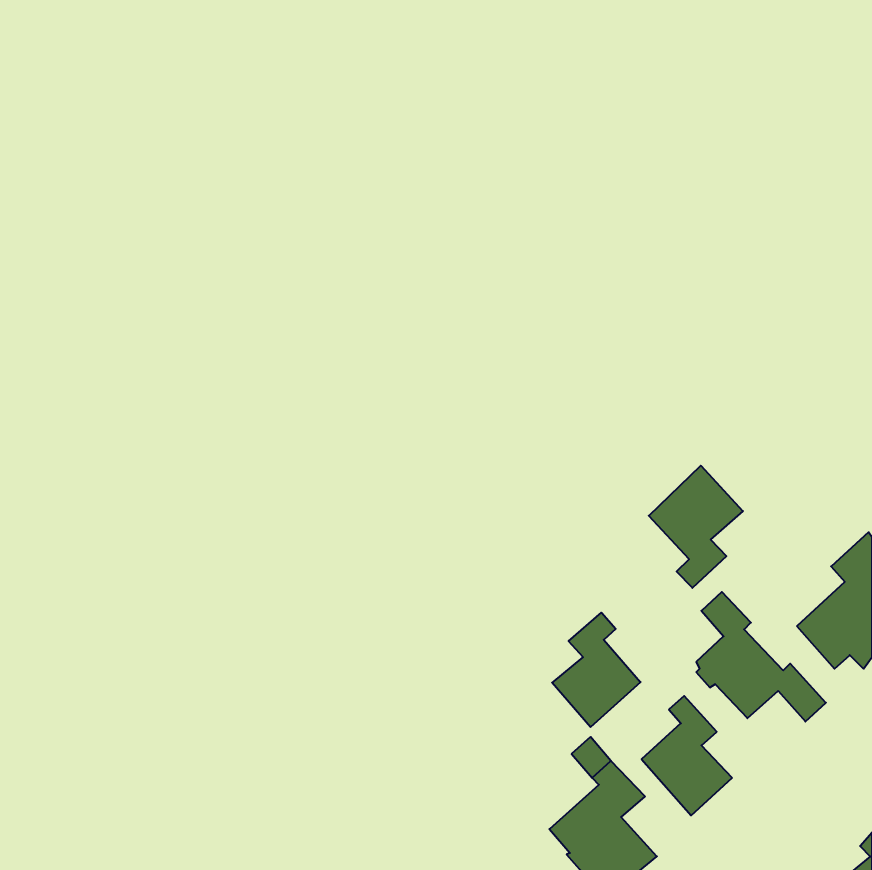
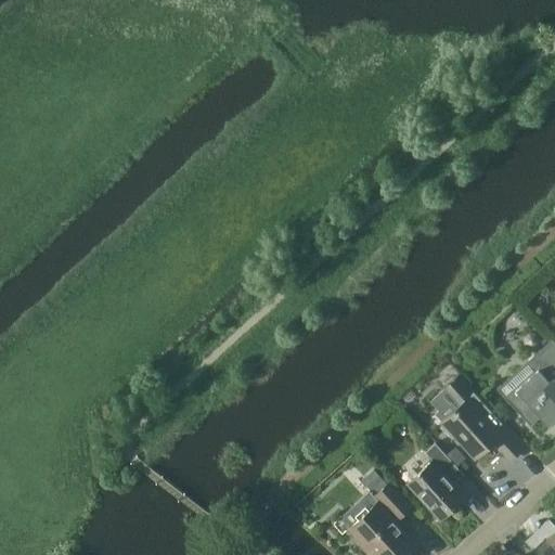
building: [649,466,743,588] -> none
building: [552,613,641,727] -> none

